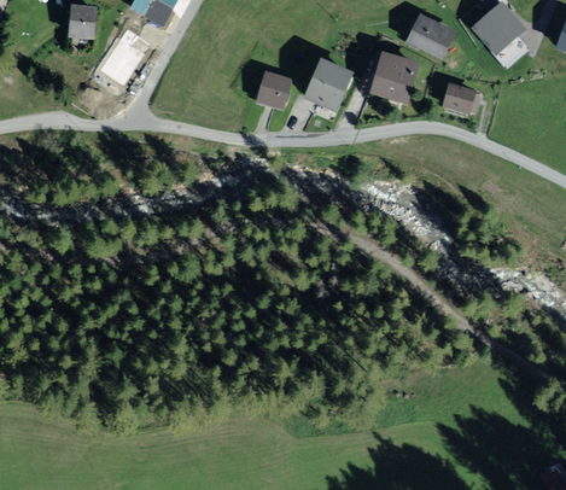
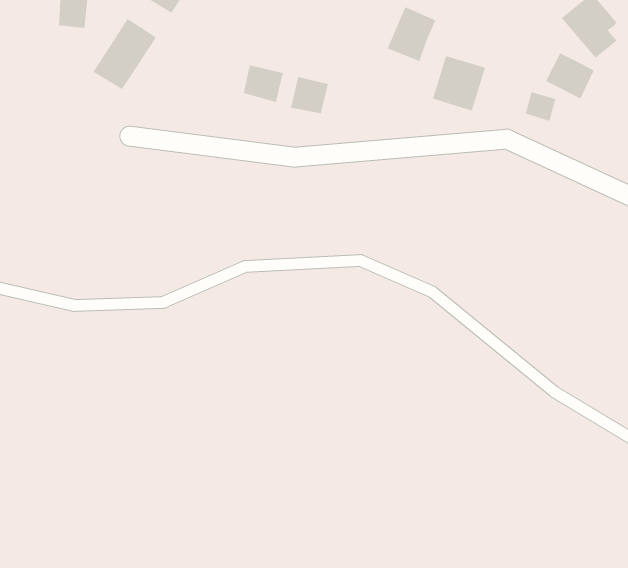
building: [410,17,450,54] -> [545,53,594,99]
building: none -> [243,64,283,103]
building: [308,64,348,109] -> [387,7,436,62]

